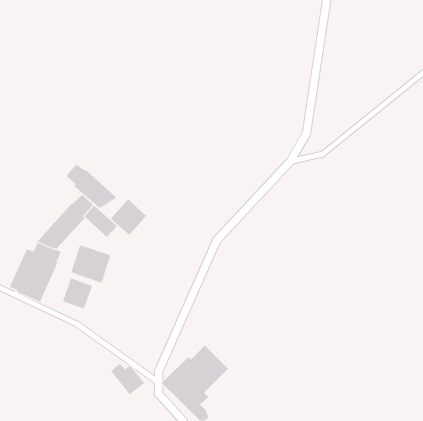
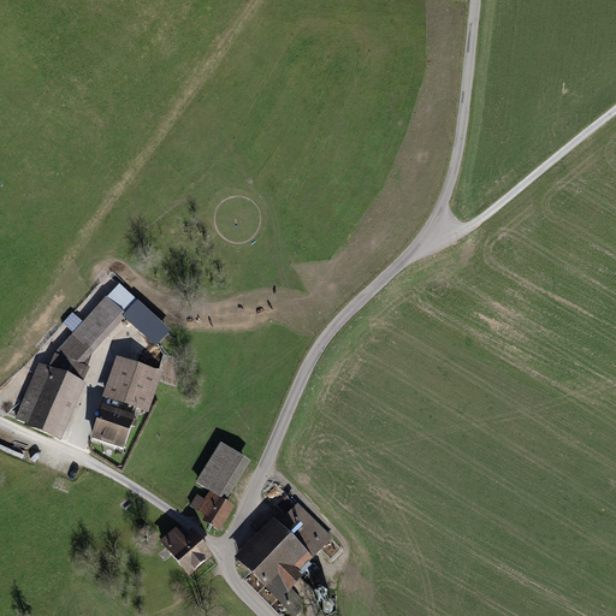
building: [66,164,118,209] -> none
building: [110,198,147,236] -> none
building: none -> [189,442,249,531]

